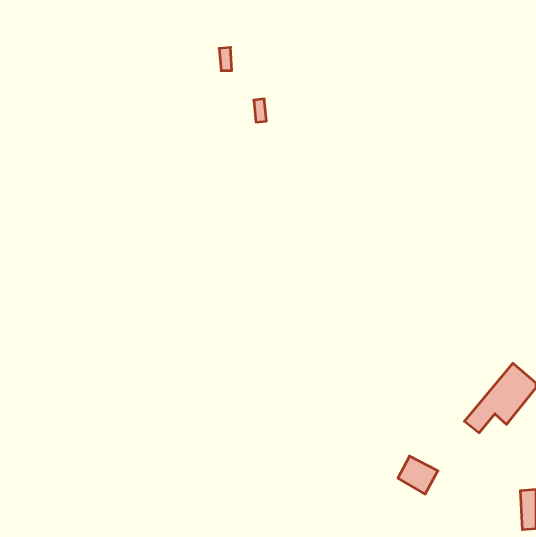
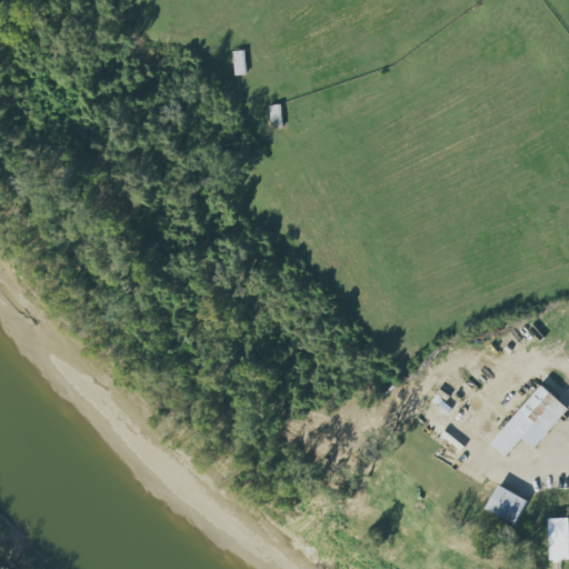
building: [398,456,438,494] -> [486,485,528,525]

